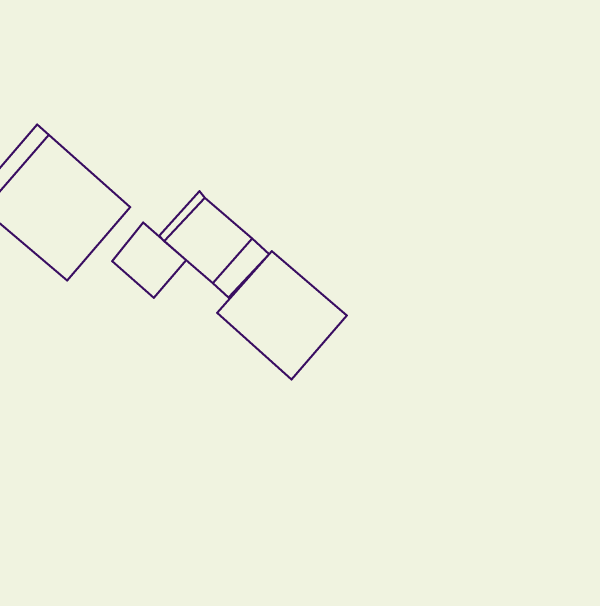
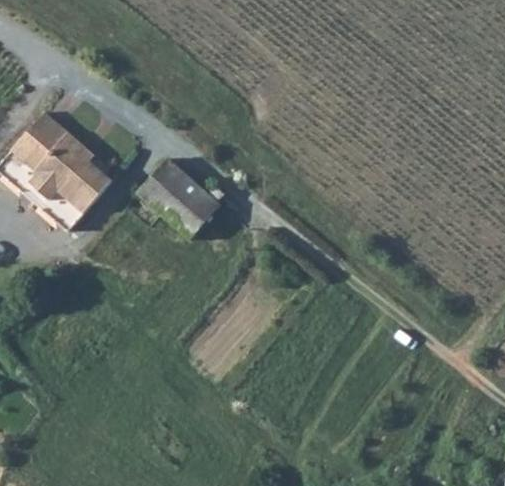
building: [112,222,186,298] -> none
building: [217,251,347,379] -> none

